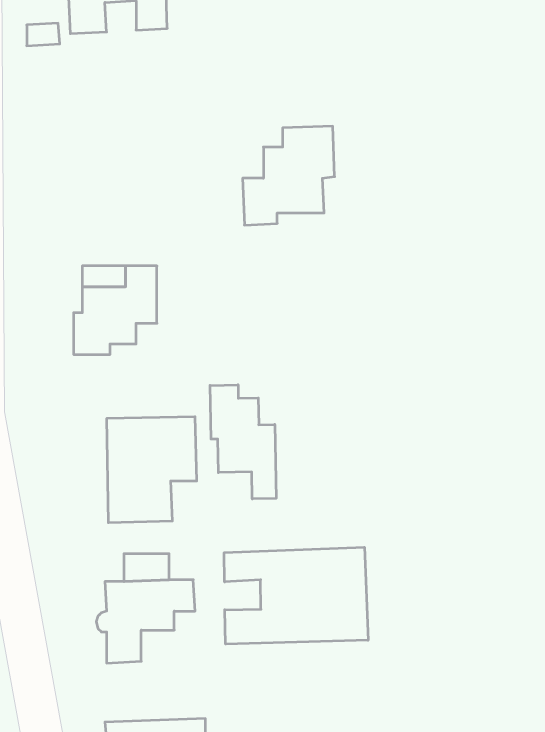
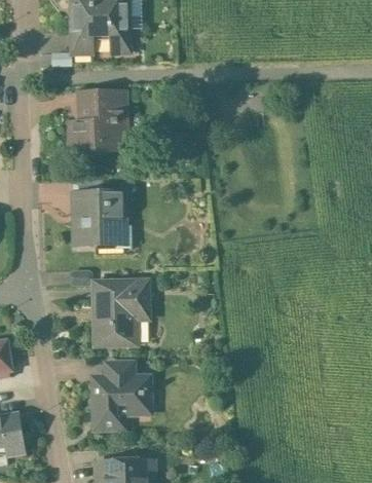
building: [243,126,335,225] -> [73,92,127,151]
building: [210,385,276,499] -> none
building: [224,547,368,644] -> none

